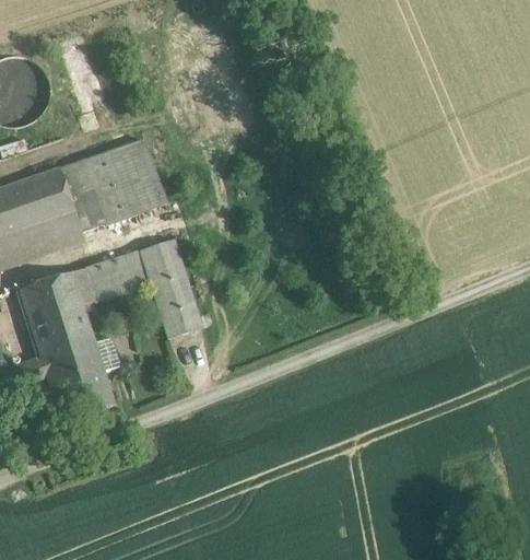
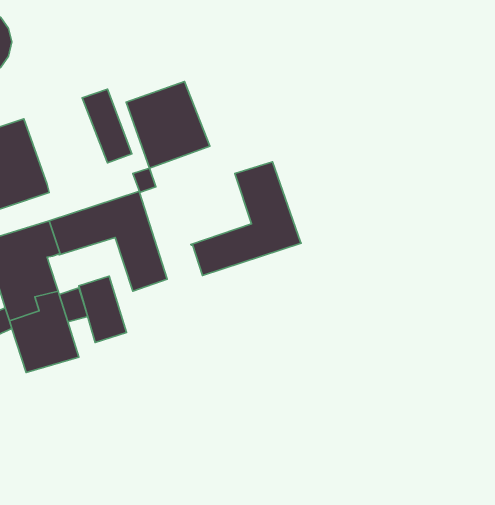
building: [58,145,141,232] -> [126,81,210,168]
building: none -> [191,162,301,276]
building: none -> [79,276,127,343]

